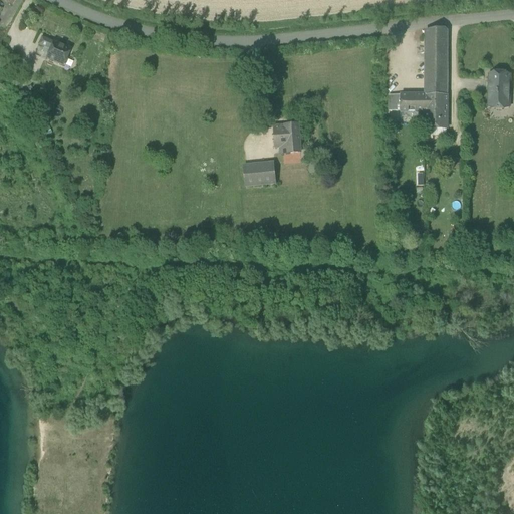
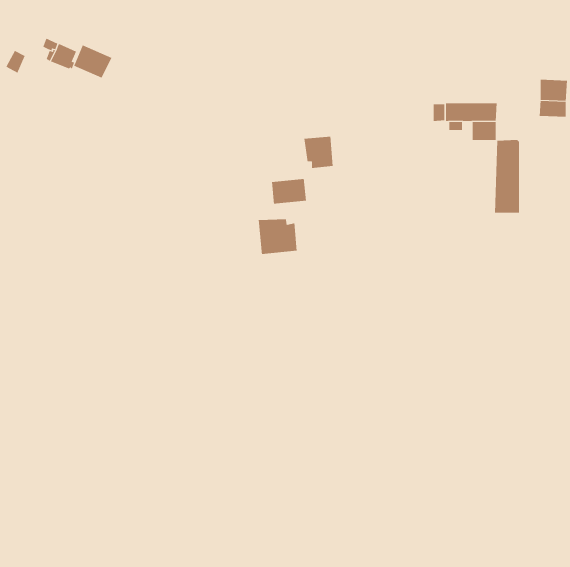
building: [425,26,448,92] -> [494,140,520,213]
building: none -> [73,45,112,79]
building: none -> [258,219,297,255]

